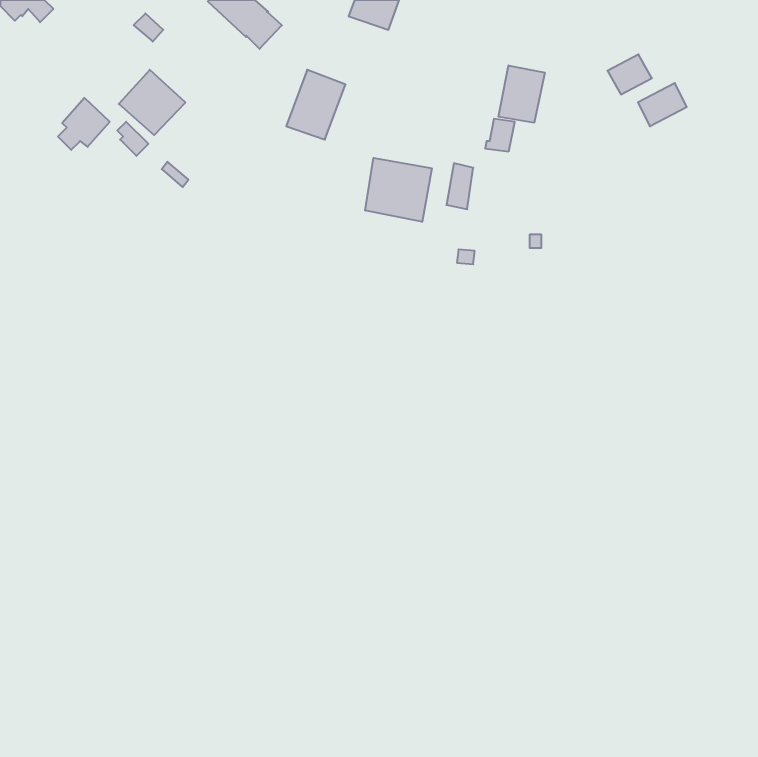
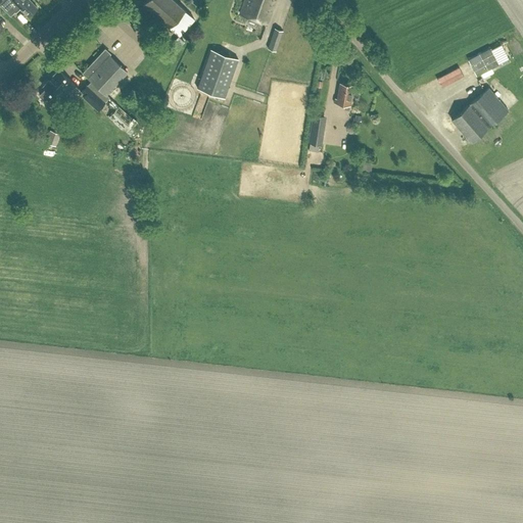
building: [607,54,652,94] -> [468,48,498,76]
building: [498,65,545,123] -> none
building: none -> [458,99,501,138]
building: [365,158,432,222] -> none

